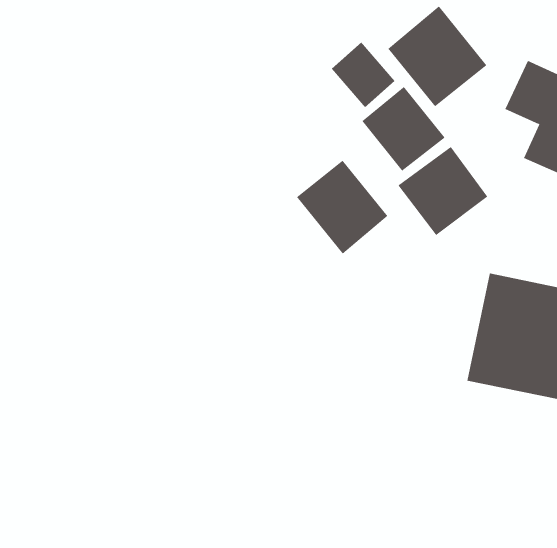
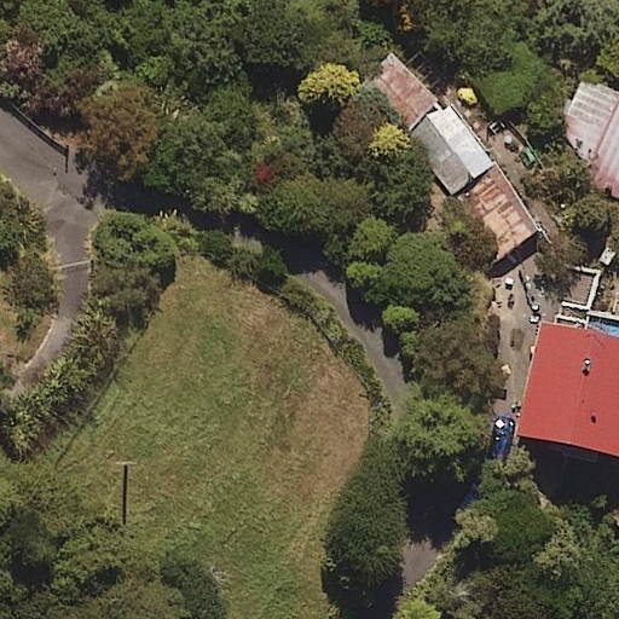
building: [388,5,487,107] -> none
building: [296,160,388,254] -> none

